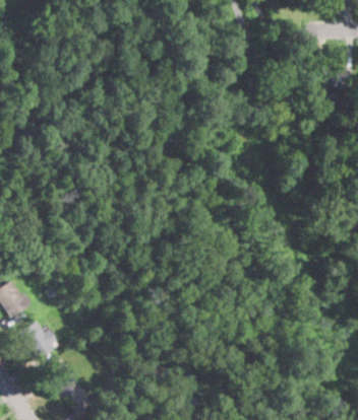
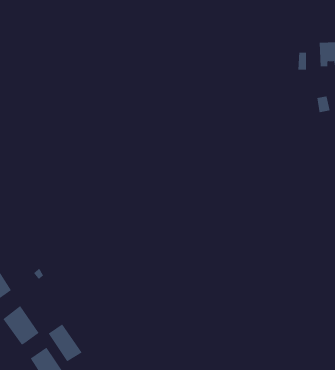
building: none -> [48,323,82,362]

